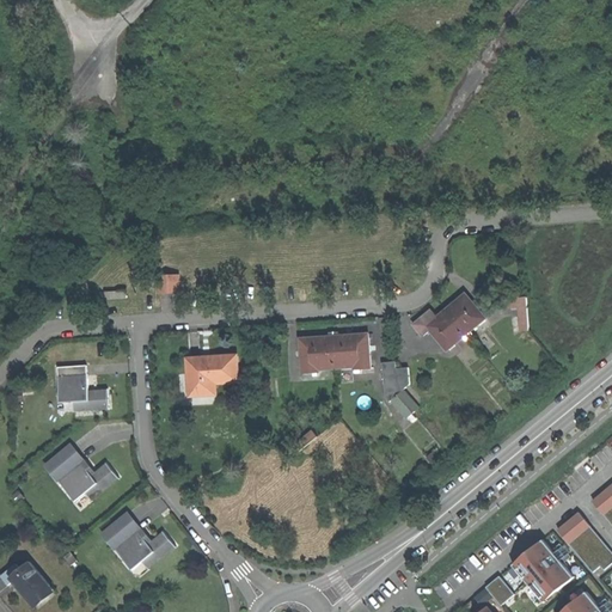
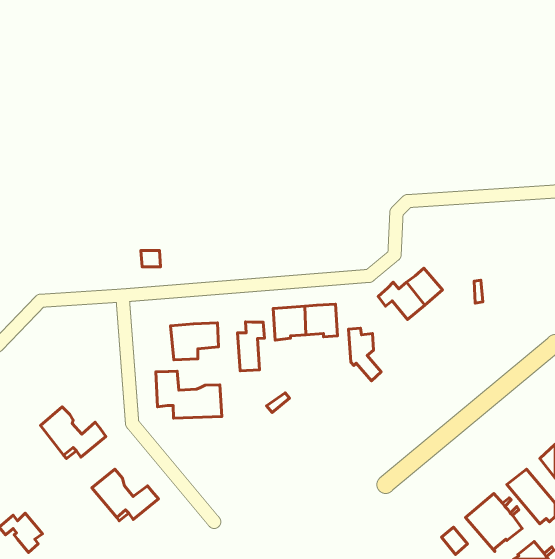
building: none -> [238,322,265,371]
building: [55,365,106,410] -> none
building: none -> [156,371,222,418]

